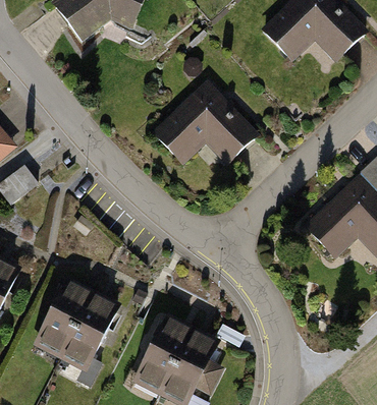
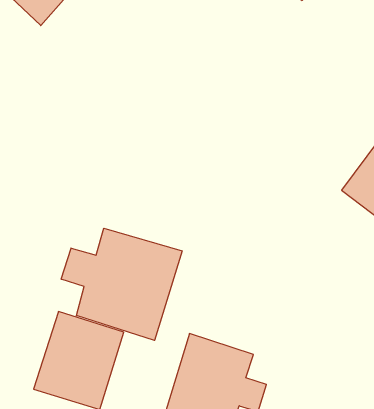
building: [163,91,256,183] -> none
building: none -> [61,228,182,340]

